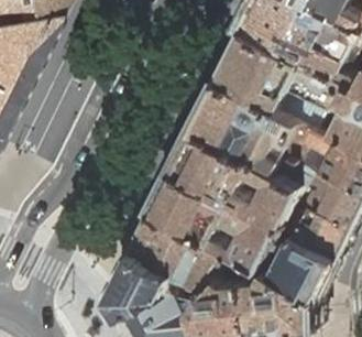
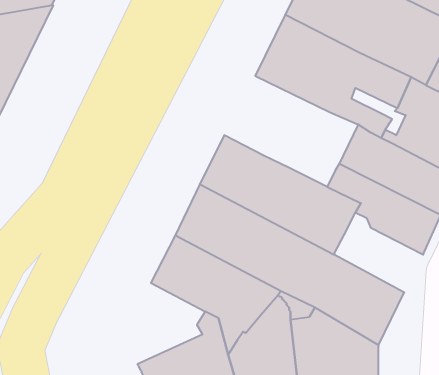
building: [186,84,295,174] -> none
building: [275,207,348,260] -> none
building: [102,251,171,318] -> none

